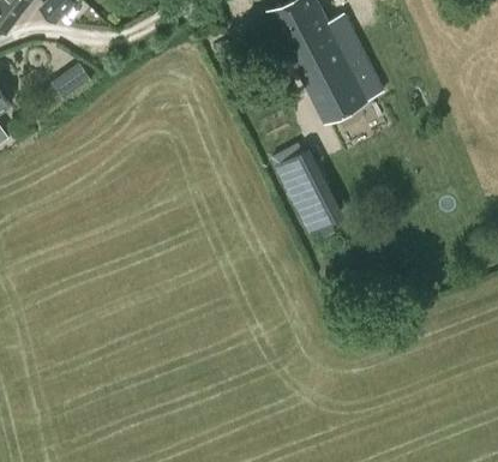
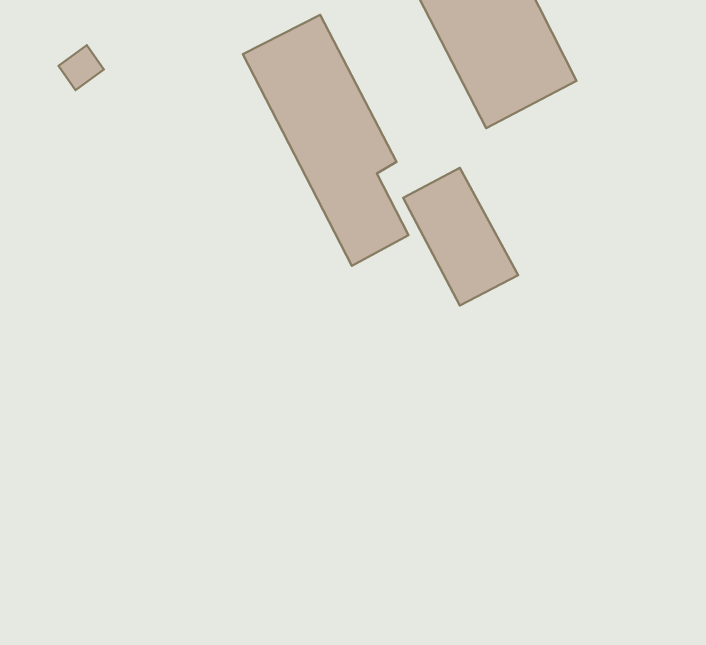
building: none -> [243,15,409,266]

